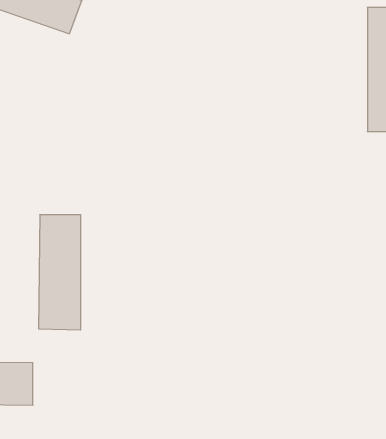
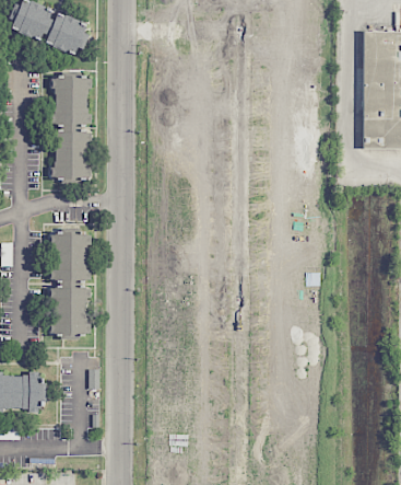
building: none -> [51,73,91,181]

